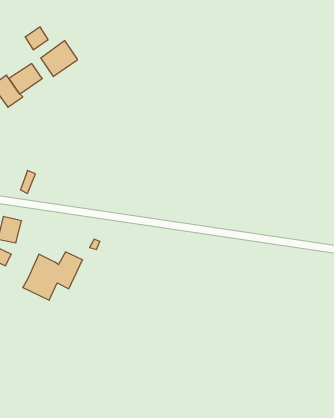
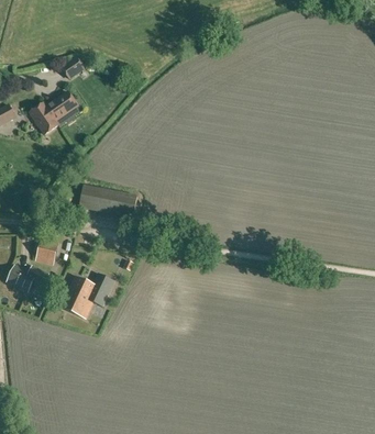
building: [41,41,77,77] -> none
building: none -> [79,185,137,216]

